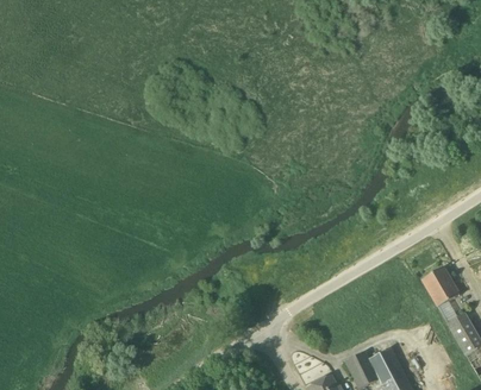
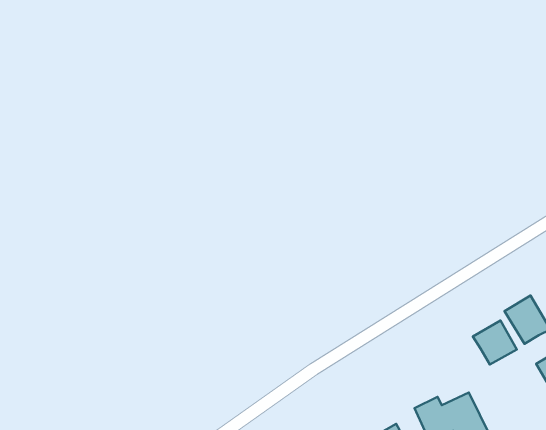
building: none -> [473,321,517,364]

